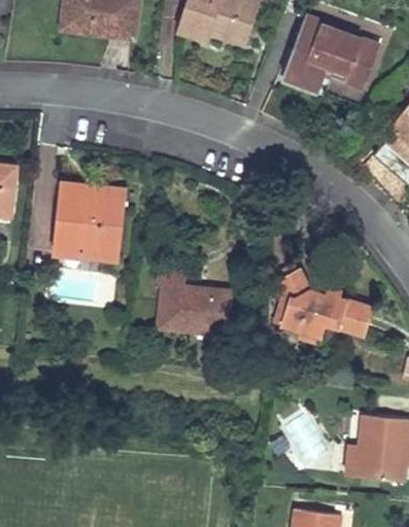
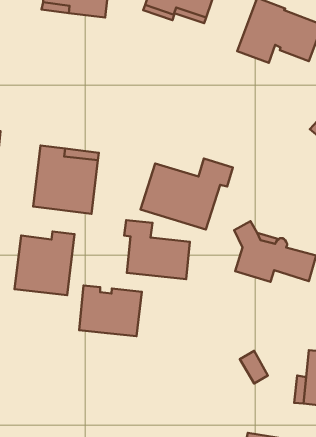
building: none -> [141,158,233,230]
building: none -> [15,231,75,295]
building: none -> [79,286,142,336]

